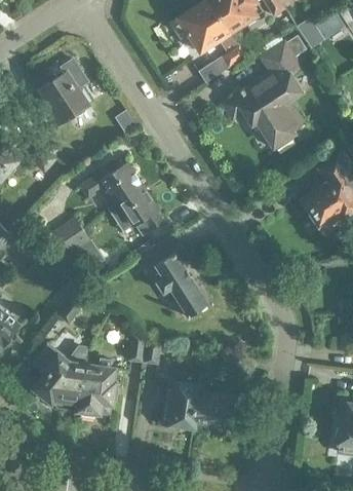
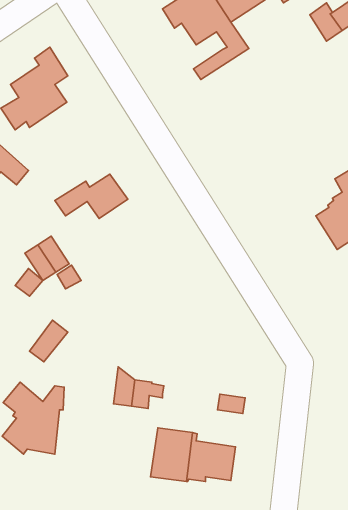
building: [223,36,307,151] -> none
building: [116,186,164,231] -> none
building: [142,236,209,323] -> none
building: [77,360,114,415] -> none

